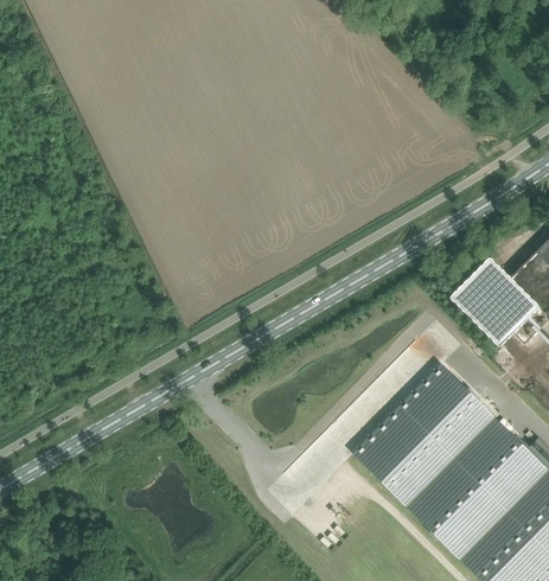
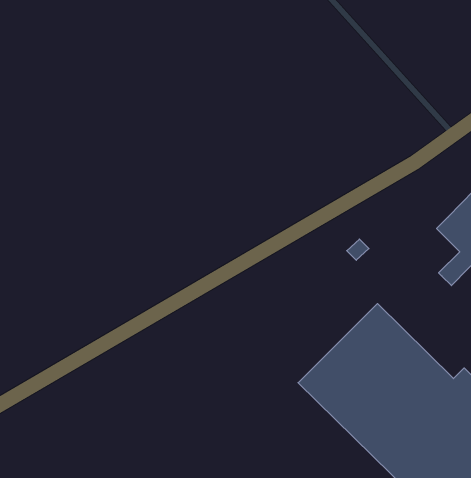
building: [448,257,534,349] -> none

